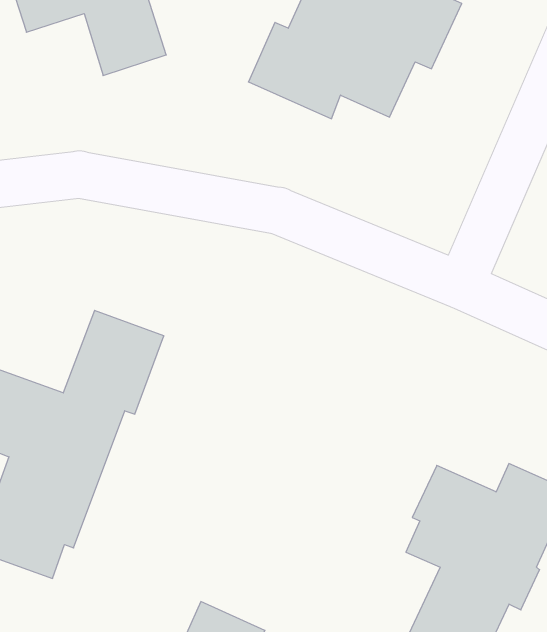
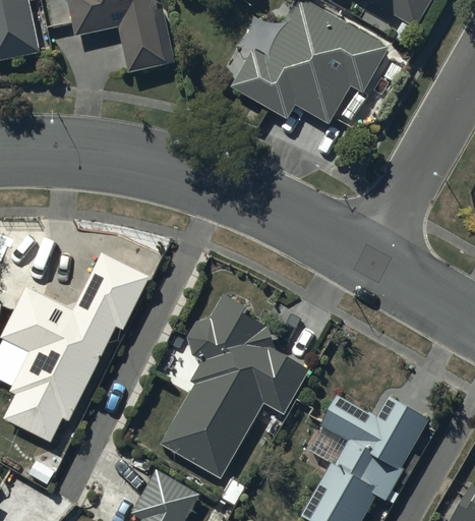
building: none -> [161,286,310,475]

